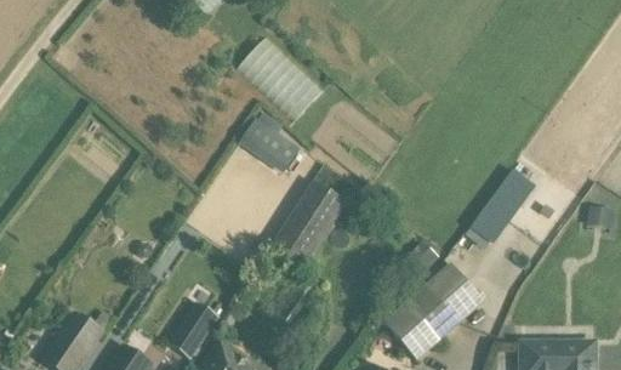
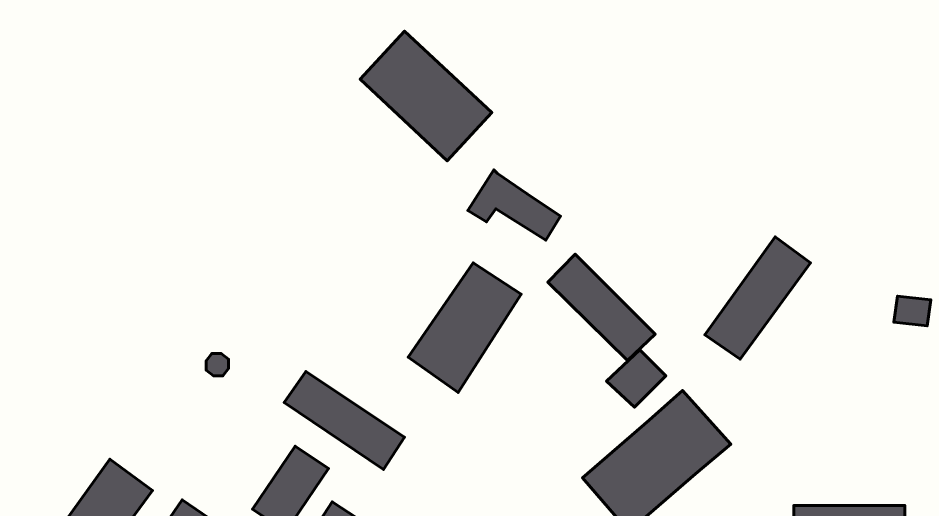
building: [240,116,301,163] -> [468,170,561,240]
building: none -> [548,254,655,361]
building: none -> [284,372,405,469]

